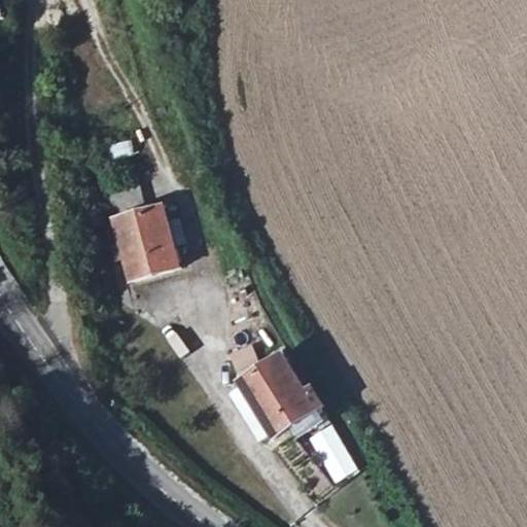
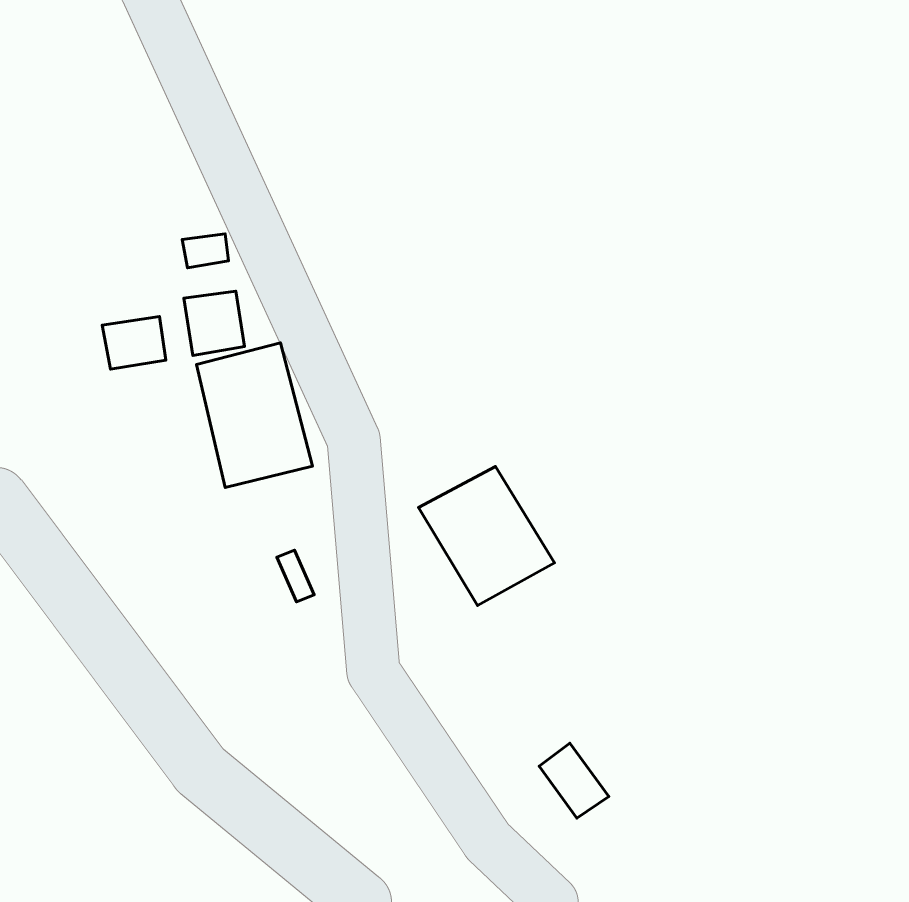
building: none -> [102,316,166,369]
building: [236,354,314,434] -> [419,466,554,606]

